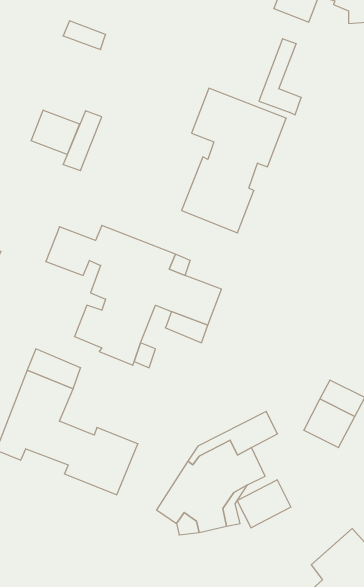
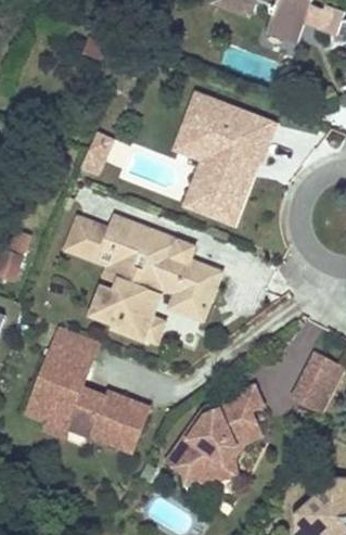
building: [259,39,301,115] -> [177,92,214,158]
building: [31,110,79,155] -> none
building: [237,480,291,528] -> none

